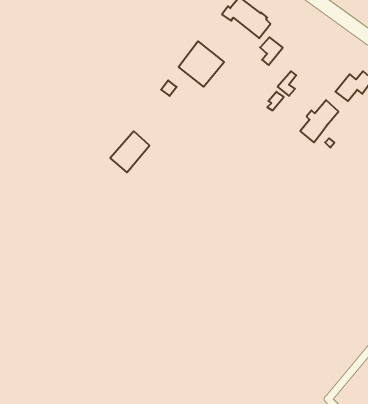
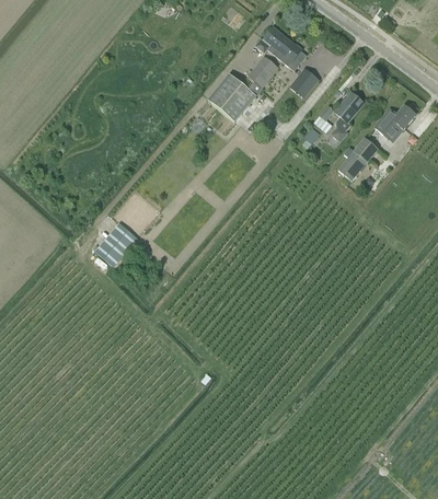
building: none -> [247,56,277,86]
building: none -> [331,92,364,141]
building: [110,131,149,172] -> [94,221,136,265]

